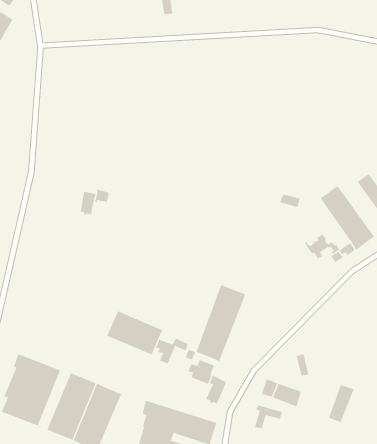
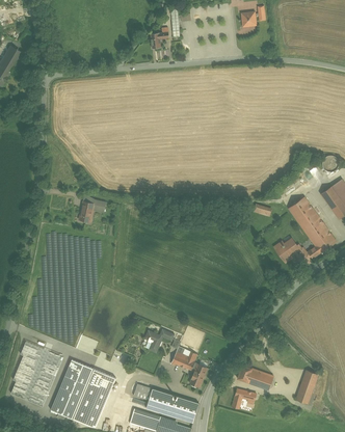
building: [196,285,246,362] -> none
building: [107,310,163,355] -> none

